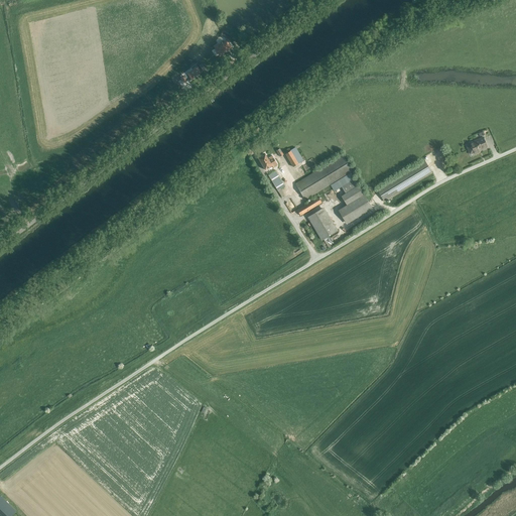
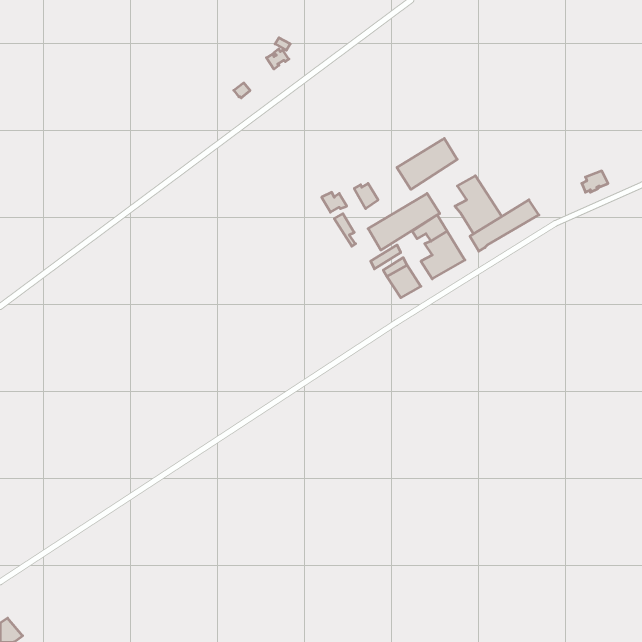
building: none -> [397,138,457,189]
building: none -> [455,176,502,234]

